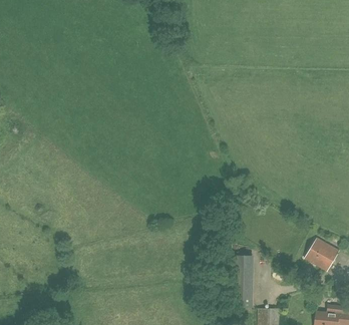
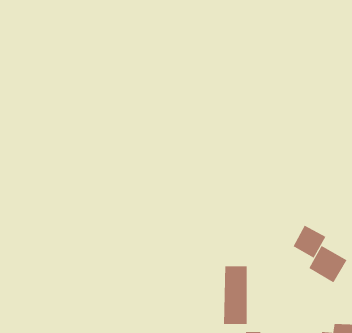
building: none -> [293,225,326,258]

